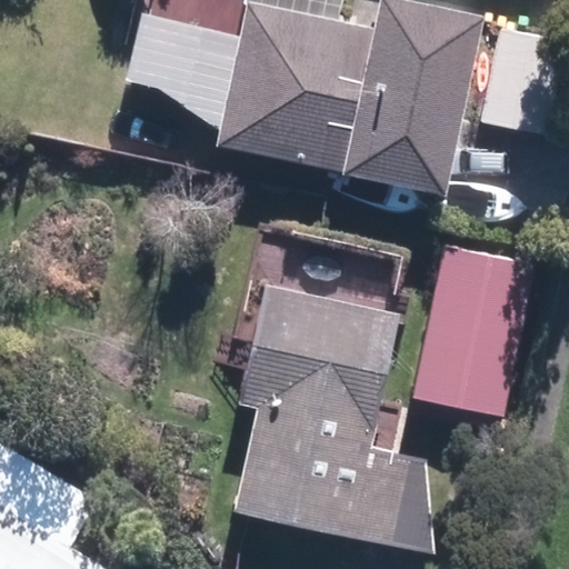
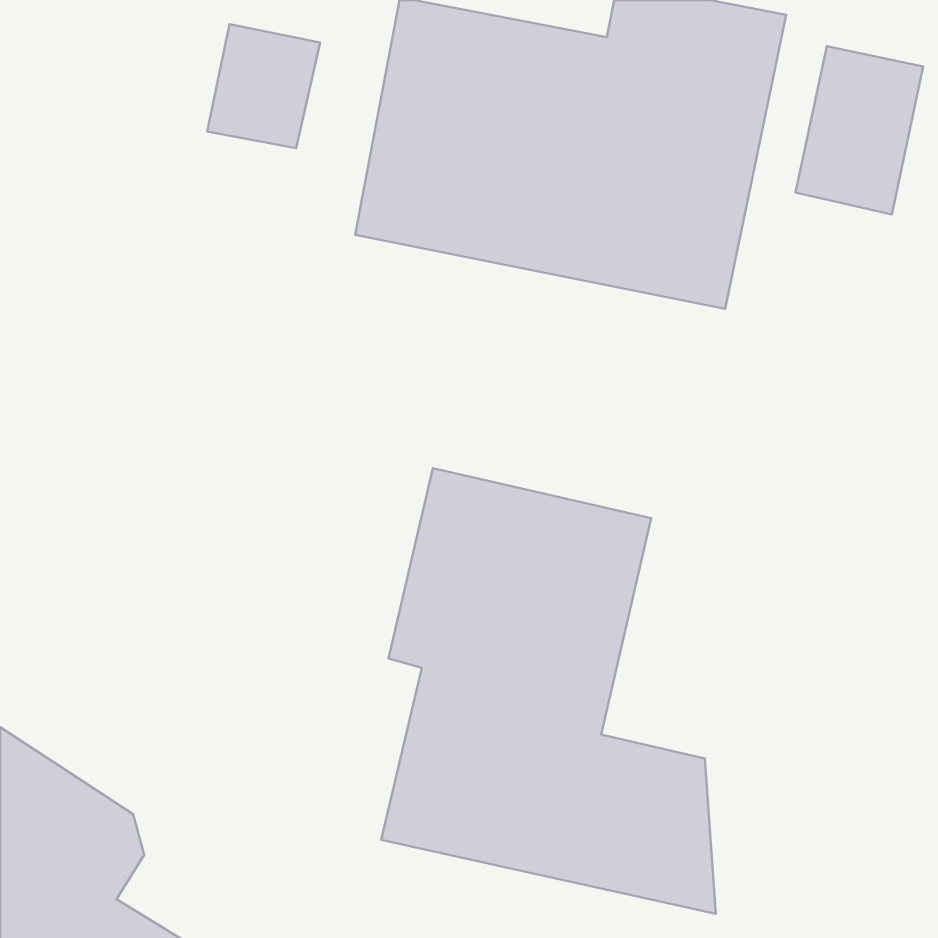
building: [415,248,533,413] -> none

